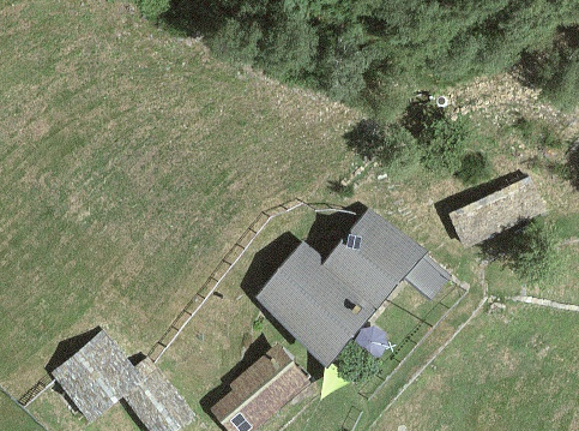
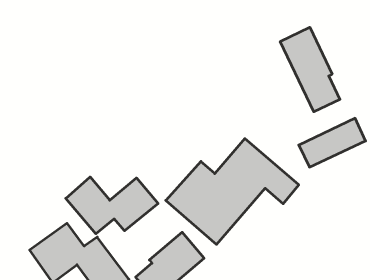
building: none -> [280,27,340,112]
building: none -> [66,177,158,234]

